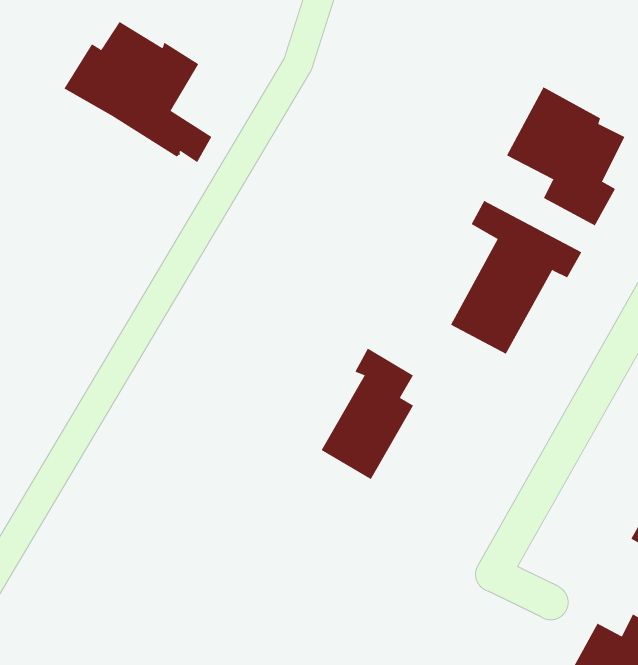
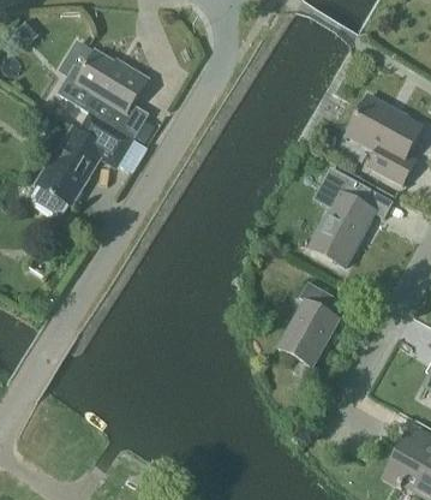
building: none -> [31,112,145,216]
building: [321,348,414,480] -> [279,280,339,365]

